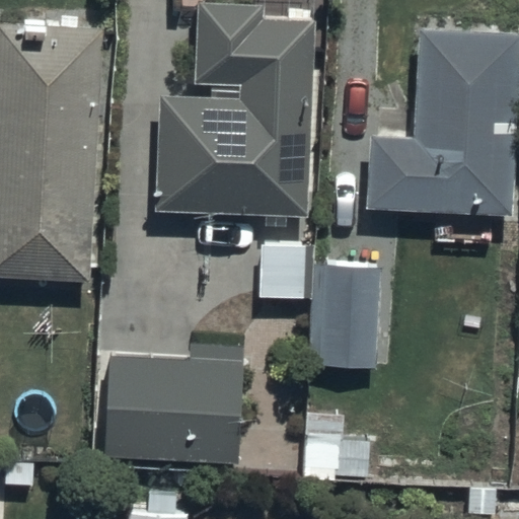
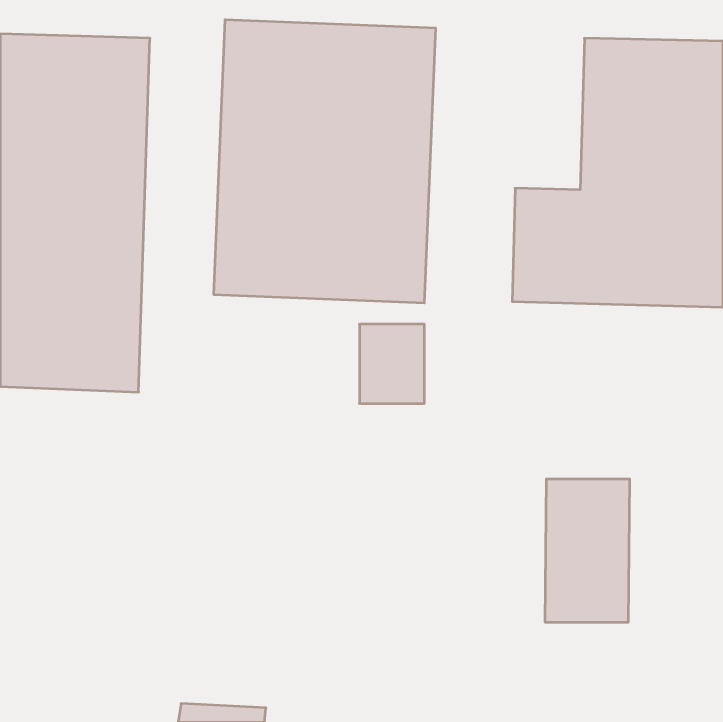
building: [315,253,376,356] -> [545,479,630,622]
building: [101,354,243,464] -> none

